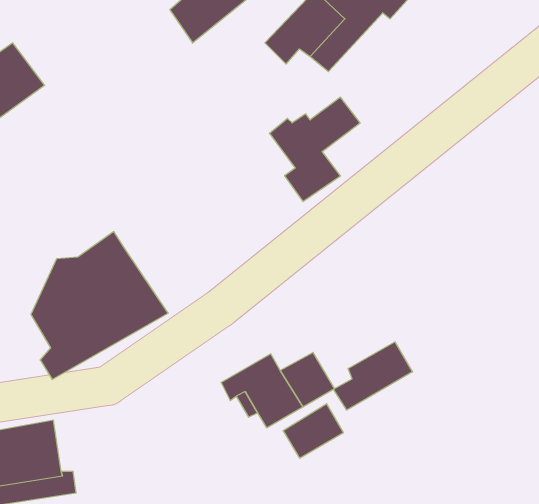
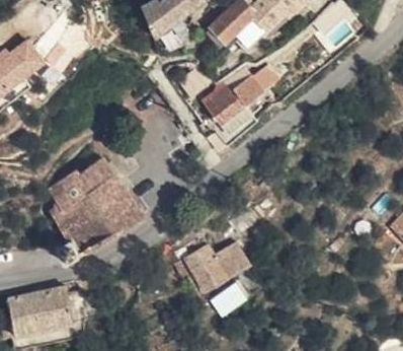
building: [334,342,413,410] -> none

